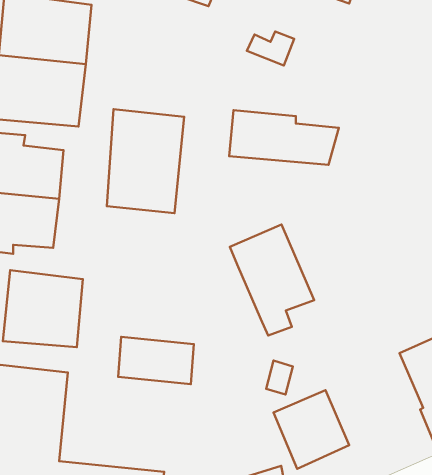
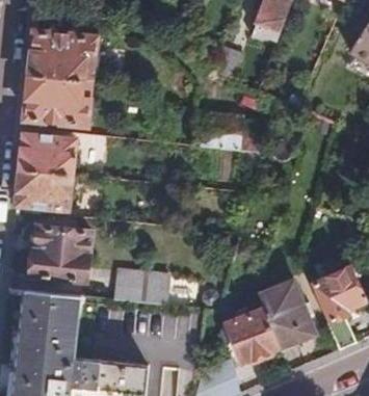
building: [107,109,184,213] -> none
building: [230,224,314,336] -> [256,281,315,359]

